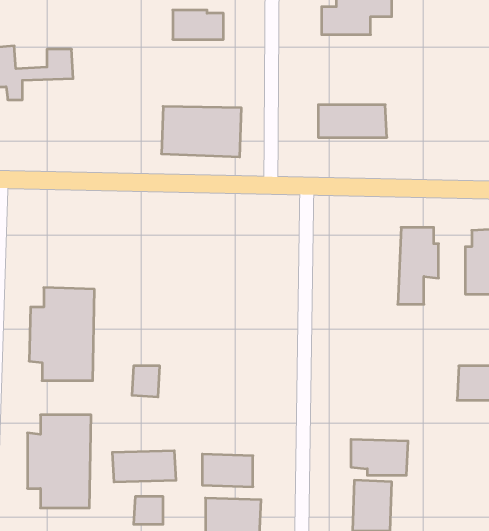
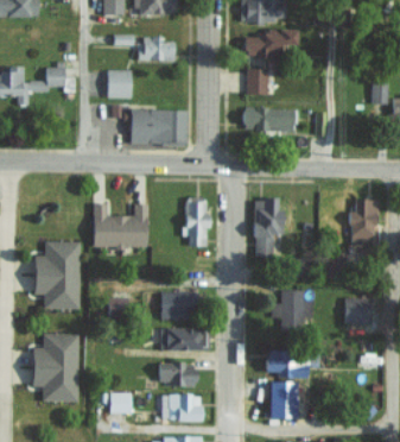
building: none -> [247,69,267,94]
building: none -> [107,70,132,99]
building: [398,227,439,304] -> [253,198,282,254]
building: none -> [184,198,208,246]
building: none -> [93,203,147,247]
building: none -> [271,290,313,329]
building: none -> [160,291,193,320]
building: [112,451,176,482] -> [160,328,207,351]

